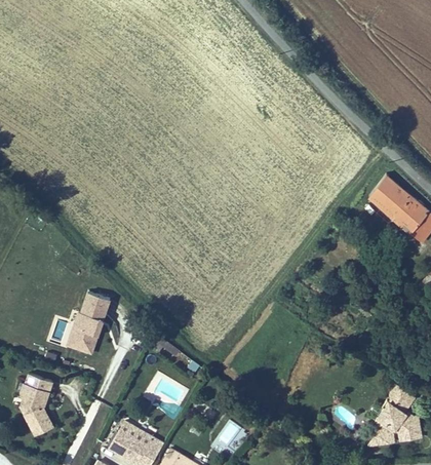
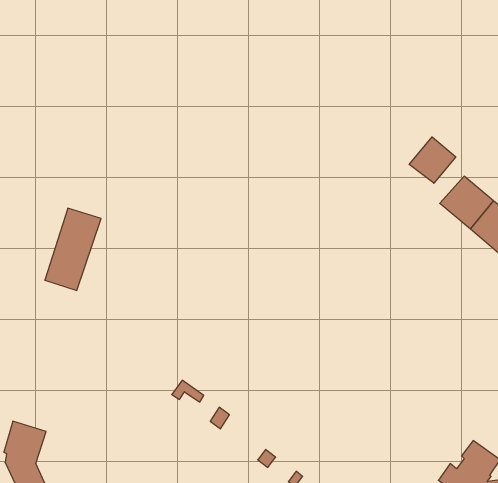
building: none -> [409,137,456,183]
building: [67,290,112,356] -> [45,208,101,290]

